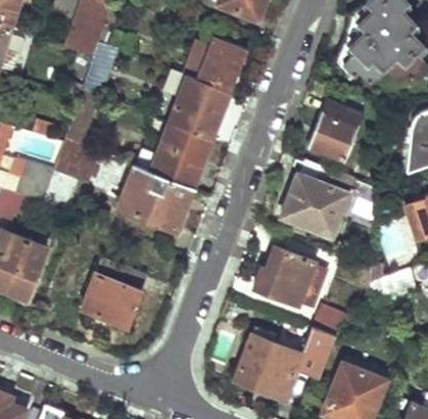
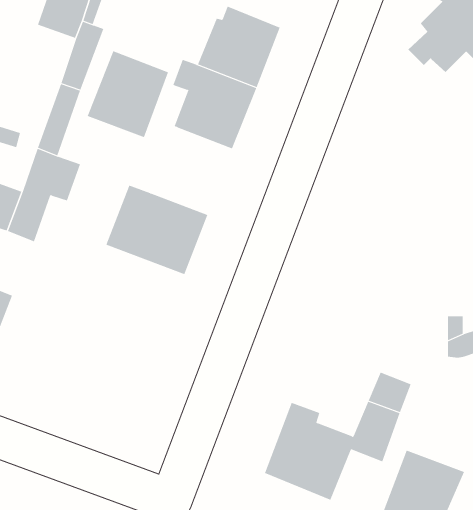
building: [308,100,363,160] -> none
building: [149,124,210,189] -> [87,50,169,138]
building: [282,172,373,236] -> none
building: [253,247,317,308] -> none
building: [83,259,147,327] -> none

